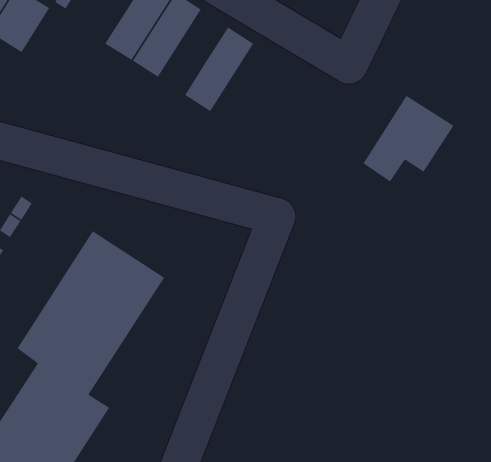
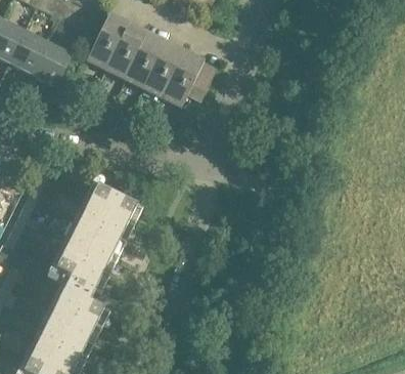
building: none -> [33,42,72,85]
building: none -> [124,32,166,89]
building: [363,95,454,182] -> [161,50,218,109]

